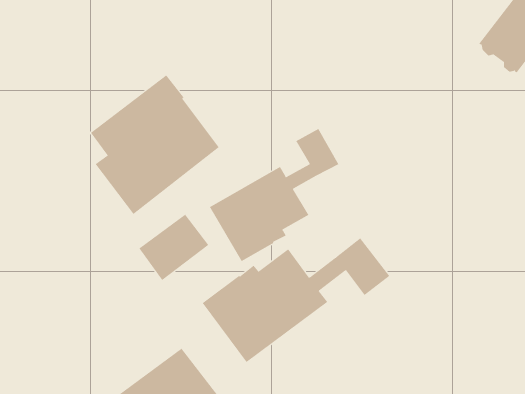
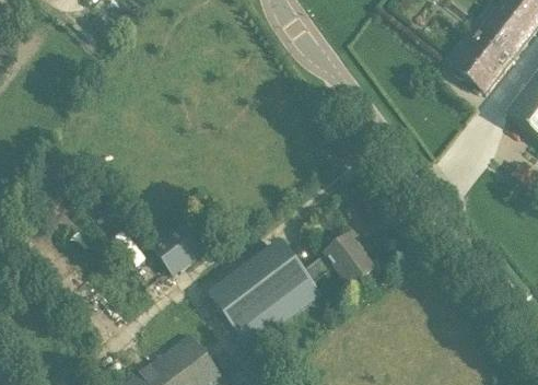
building: [90,75,220,215] -> none
building: [209,128,339,262] -> none

